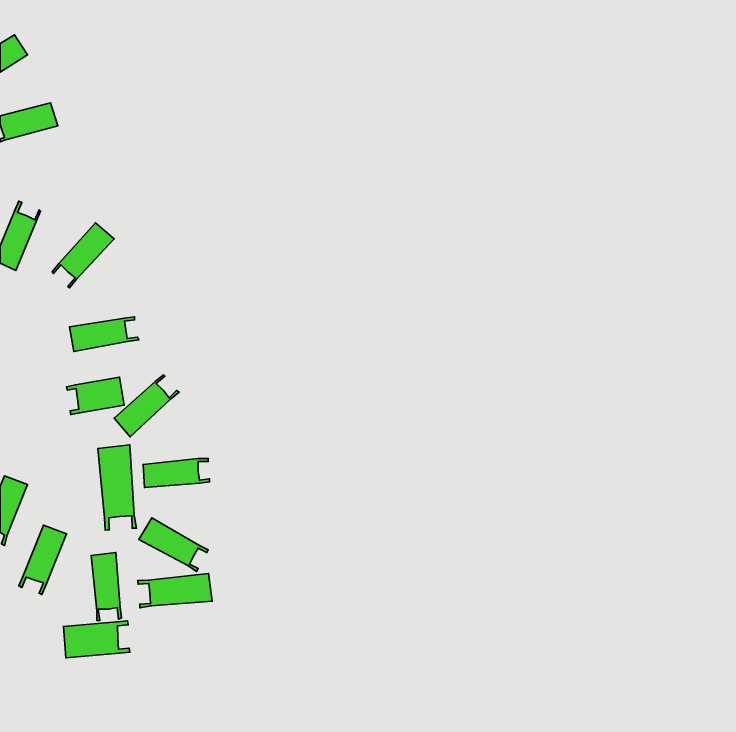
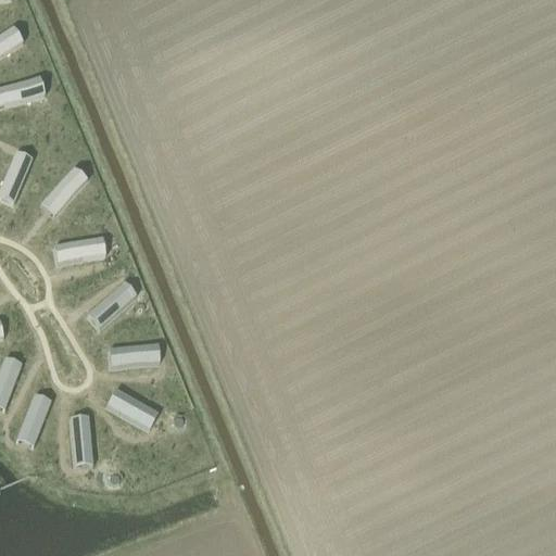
building: [67,377,124,415] -> none
building: [98,445,136,530] -> none
building: [138,574,212,608] -> none
building: [64,621,130,658] -> none

